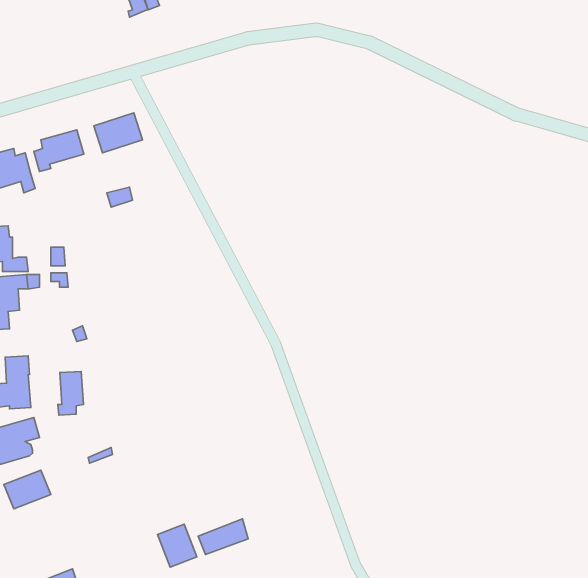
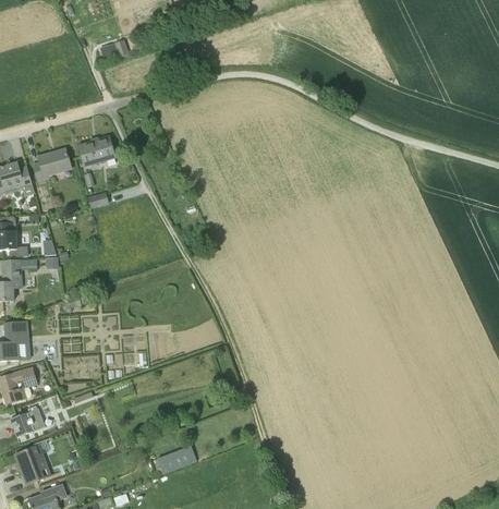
building: [58,371,83,415] -> none
building: none -> [17,444,50,484]
building: [158,524,197,567] -> none

